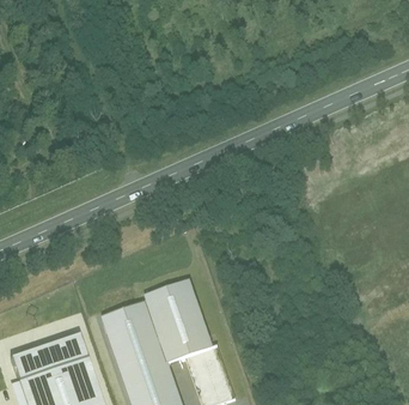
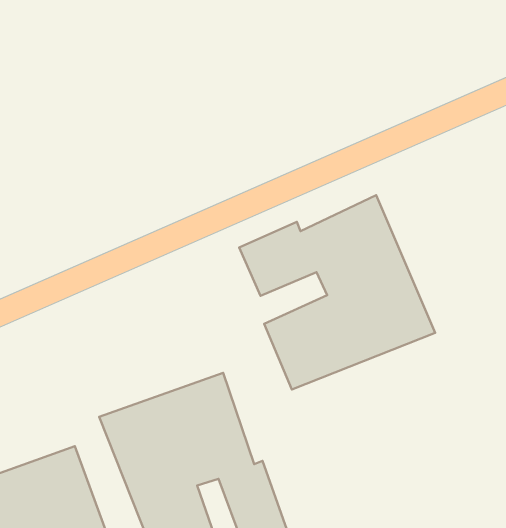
building: none -> [239,195,435,389]

